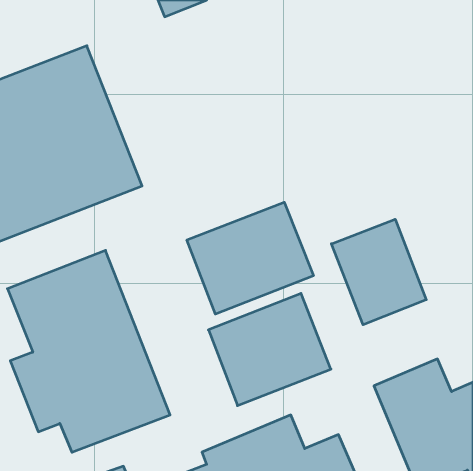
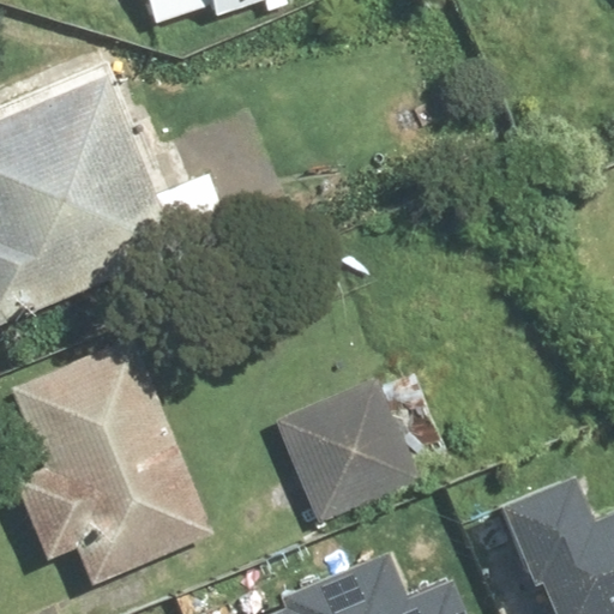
building: [187,202,313,314] -> none
building: [331,219,426,325] -> none

